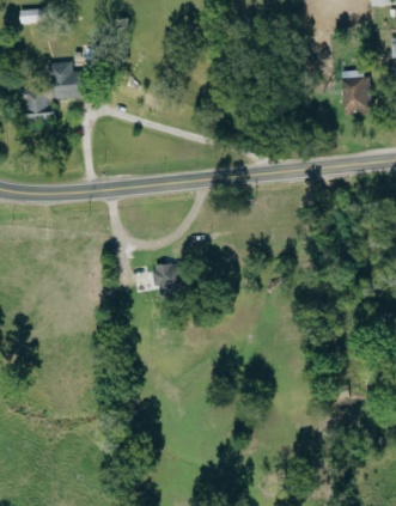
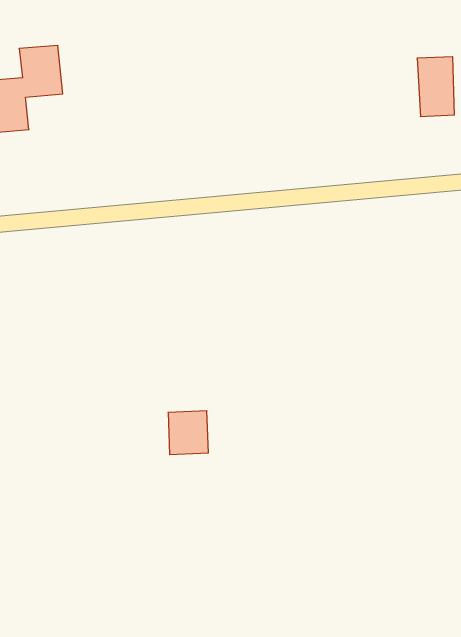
building: [153,262,183,294] -> [168,411,208,455]

